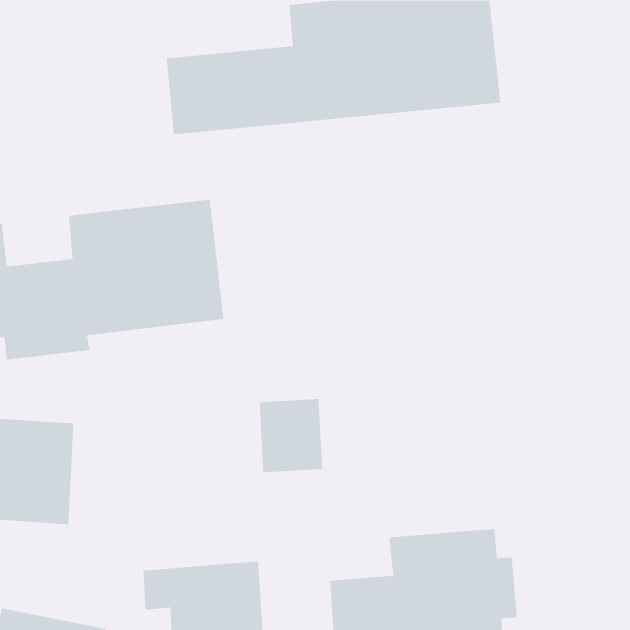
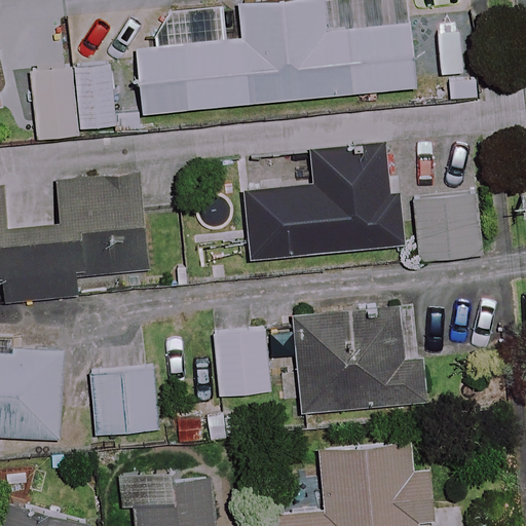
building: none -> [34,66,114,139]
building: none -> [245,146,478,260]
building: none -> [295,311,403,411]
building: none -> [92,368,157,434]

